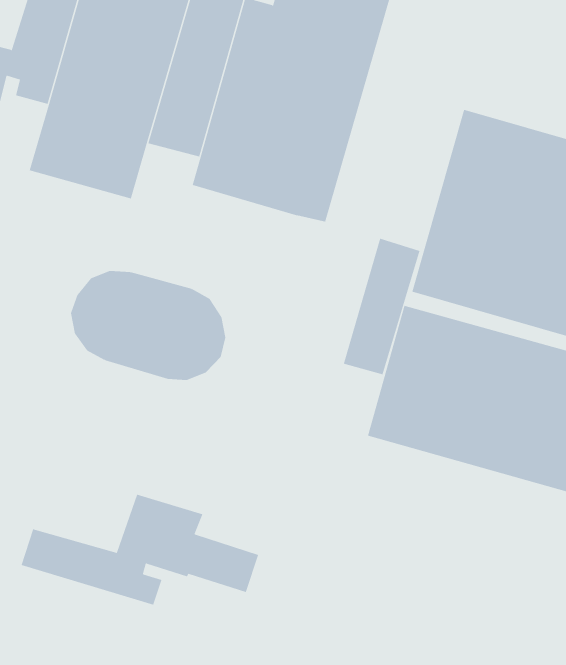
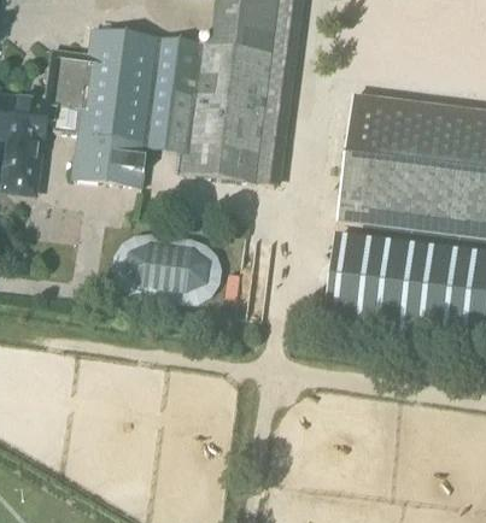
building: [343,238,420,375] -> none
building: [21,494,259,606] -> none

